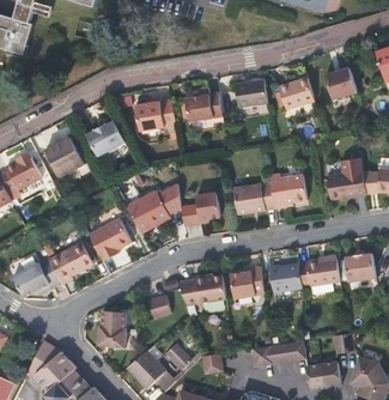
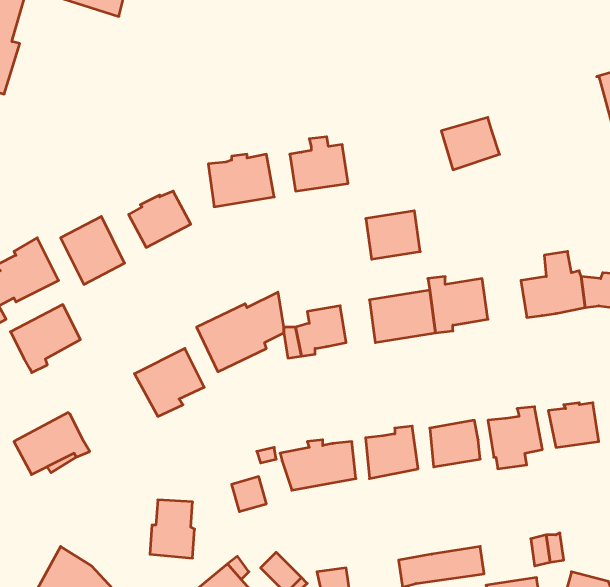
building: [326,66,357,99] -> none
building: [233,78,267,108] -> [366,211,420,259]
building: [50,243,93,285] -> [10,305,80,373]

